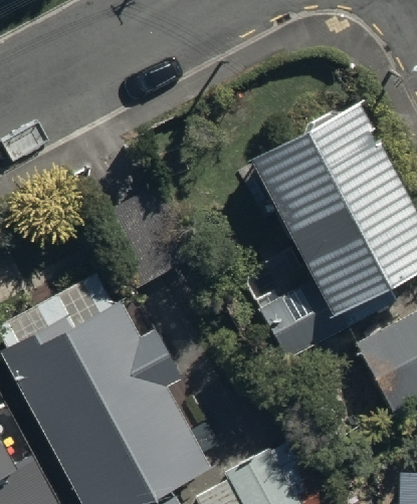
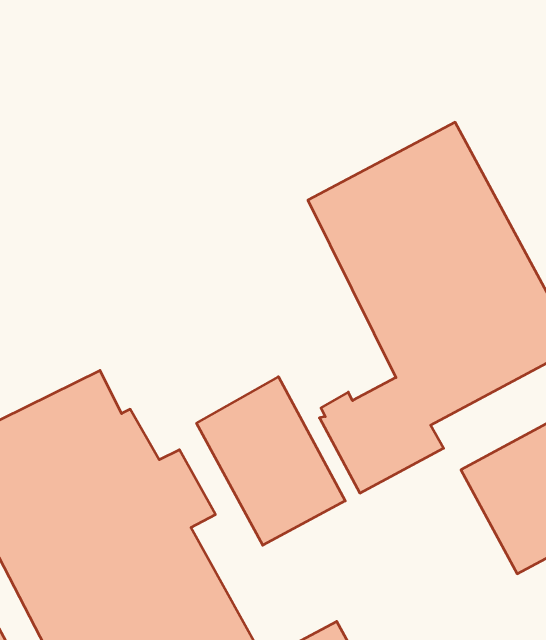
building: none -> [197,377,345,545]

